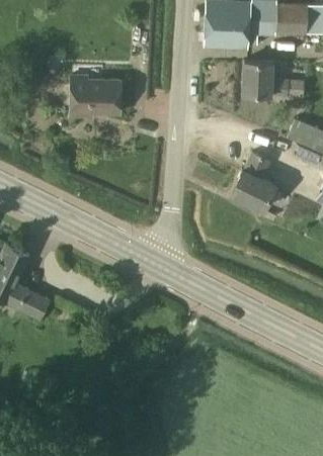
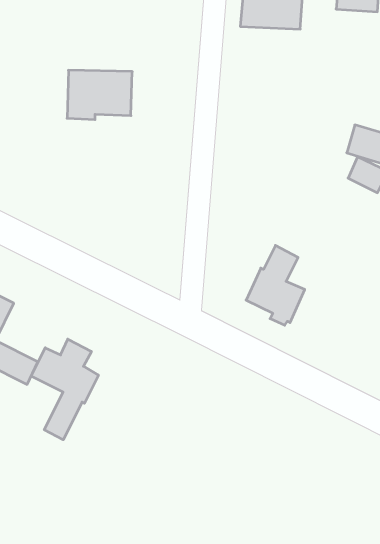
building: [242,61,288,96] -> none
building: [231,153,275,213] -> [246,245,305,325]
building: none -> [31,339,98,440]

